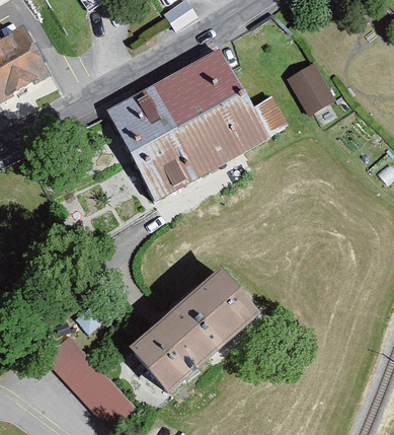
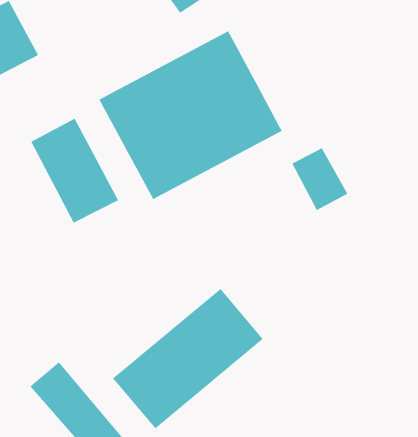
building: [287,58,337,115] -> [291,148,348,211]
building: none -> [30,118,119,223]

